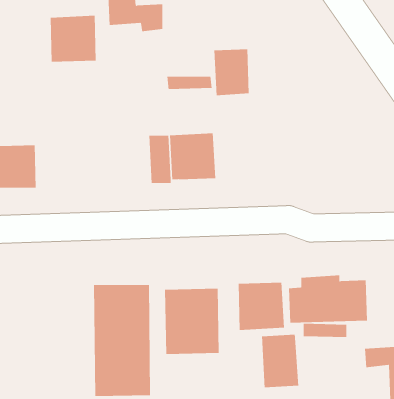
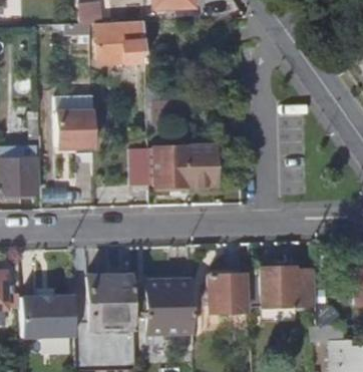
building: [50,15,97,62] -> [57,108,96,147]
building: [213,49,249,96] -> [188,147,218,187]
building: none -> [22,295,75,337]
building: [262,334,299,388] -> none

